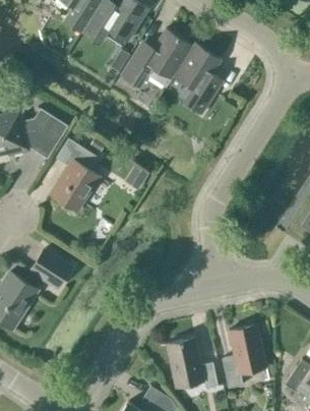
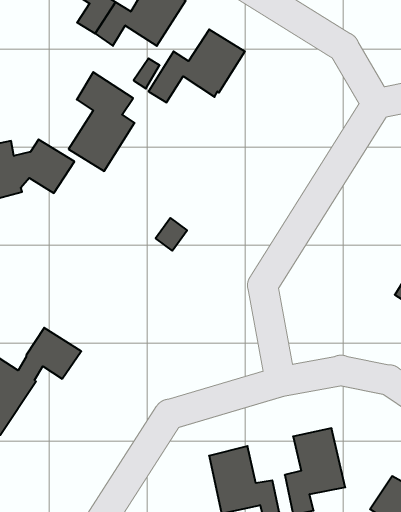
building: [173,44,221,114] -> none
building: [50,138,99,212] -> [69,72,135,171]

